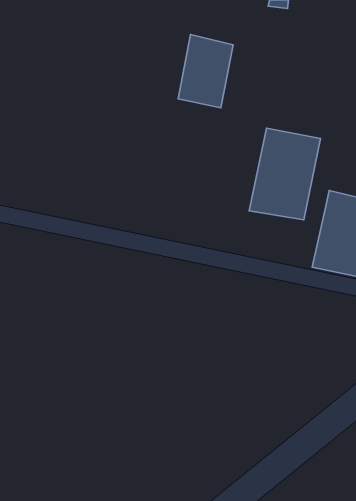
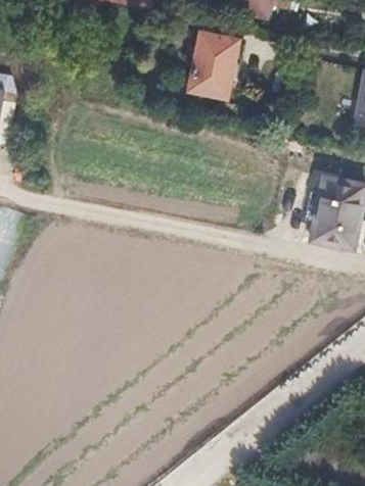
building: [249,128,320,220] -> none

